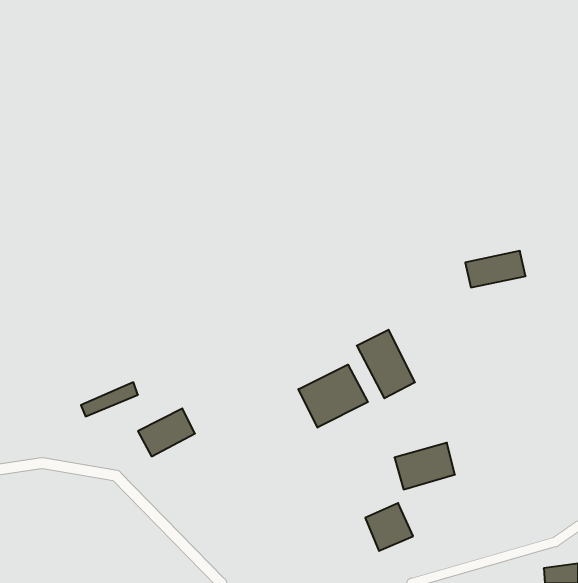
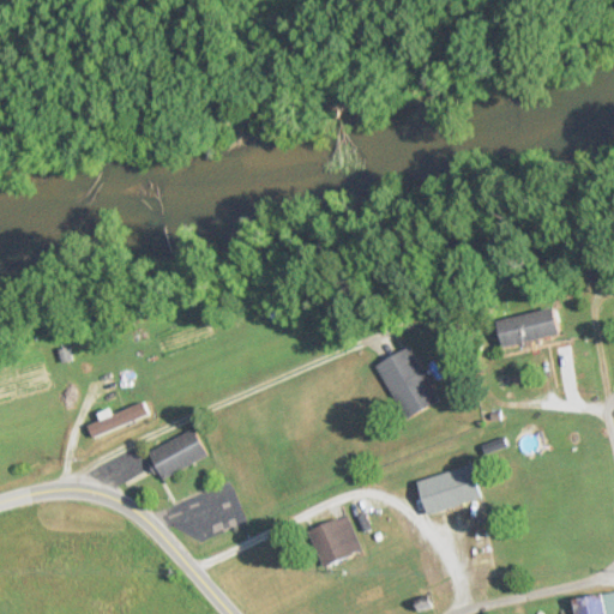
building: [465,251,526,287] -> [494,308,558,347]
building: [298,365,368,428] -> none
building: [365,503,413,551] -> [308,514,359,565]

